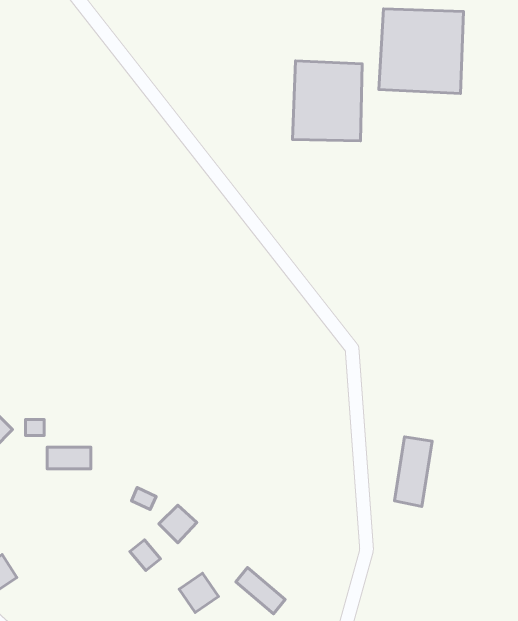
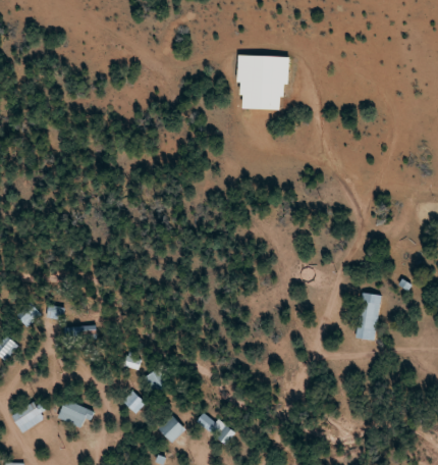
building: [379,9,464,93] -> none
building: [394,437,432,507] -> [354,292,381,341]
building: none -> [58,399,93,428]

